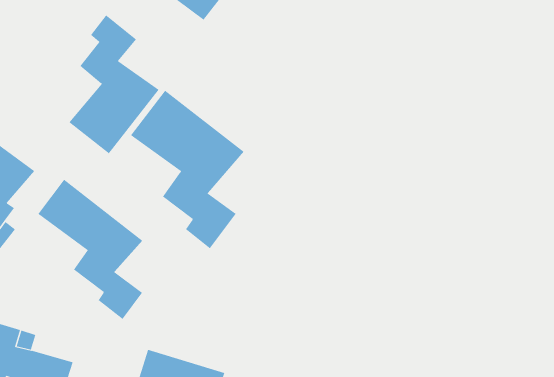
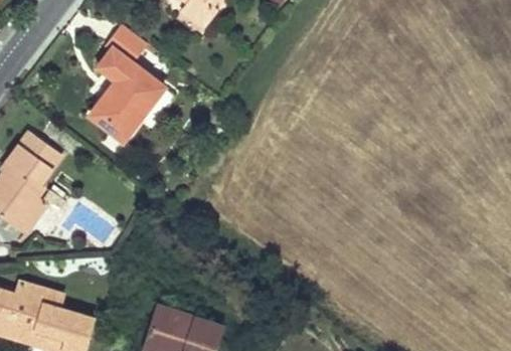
building: [130,90,245,249] -> none
building: [38,179,143,320] -> none

